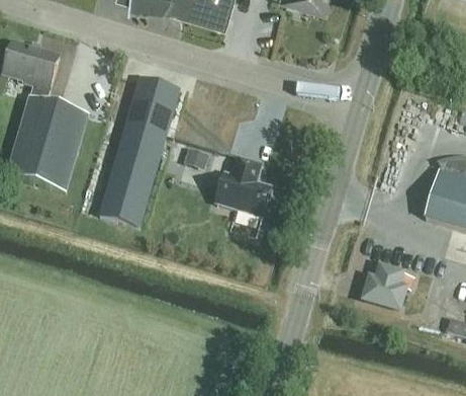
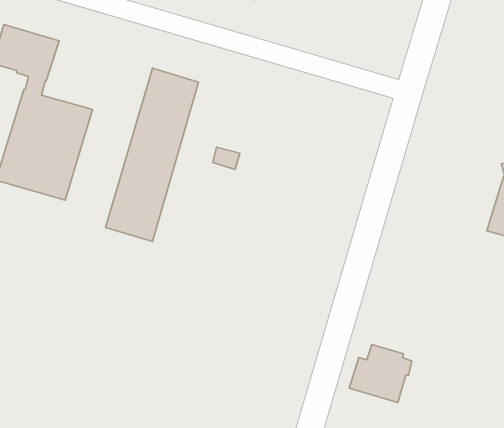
building: [216,158,271,219] -> none
building: [360,264,413,314] -> [349,345,412,402]

